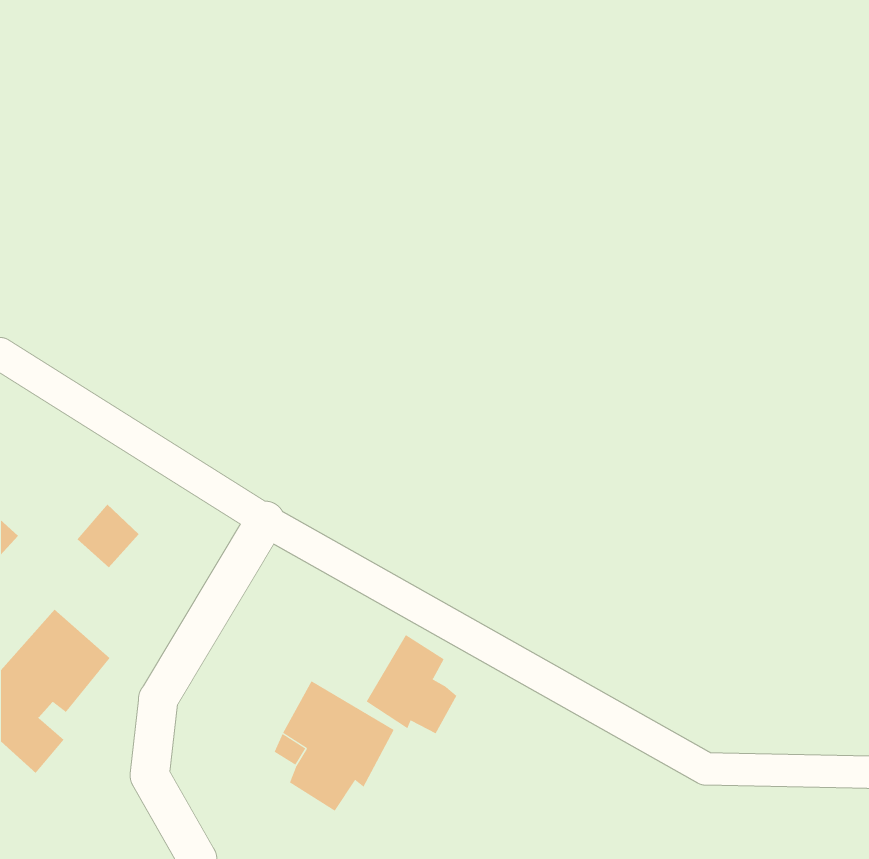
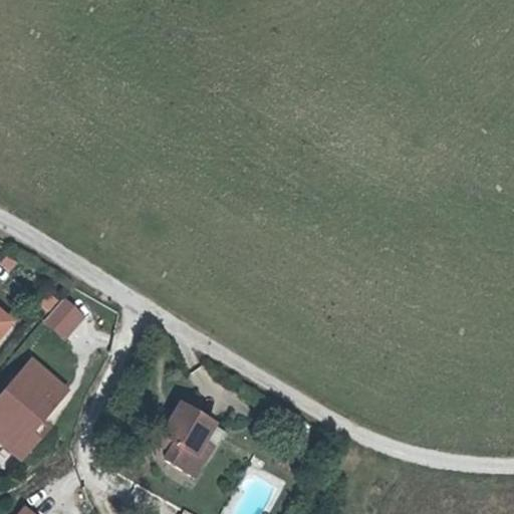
building: [366,634,457,734] -> none

